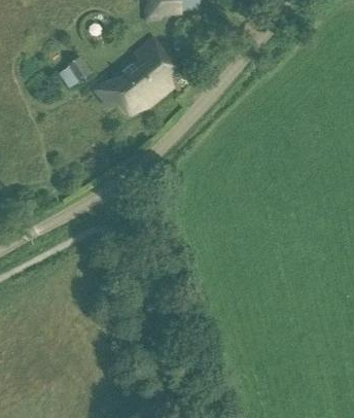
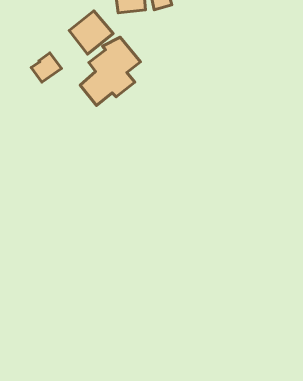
building: none -> [69,11,113,54]

